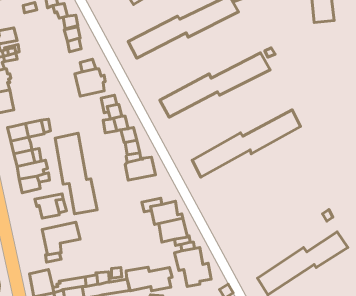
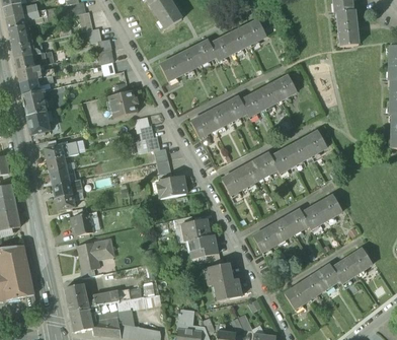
building: [55,133,97,214] -> none
building: none -> [252,194,342,252]
building: [126,267,172,291] -> none

